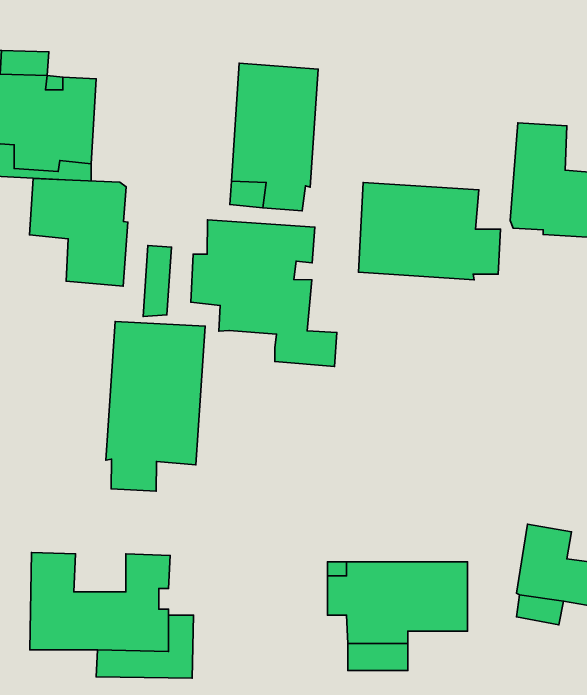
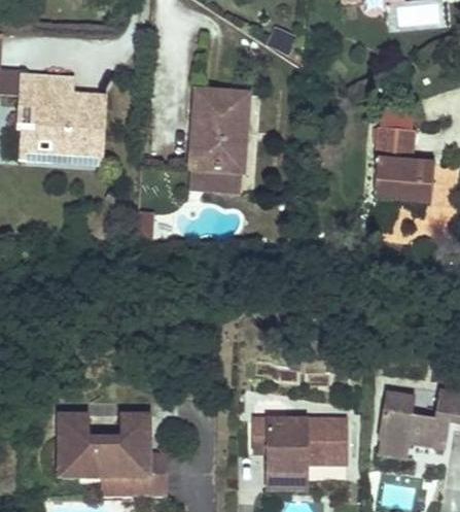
building: [29,178,128,286] -> none
building: [358,182,500,280] -> none
building: [191,220,337,367] -> none
building: [106,321,205,491] -> none

